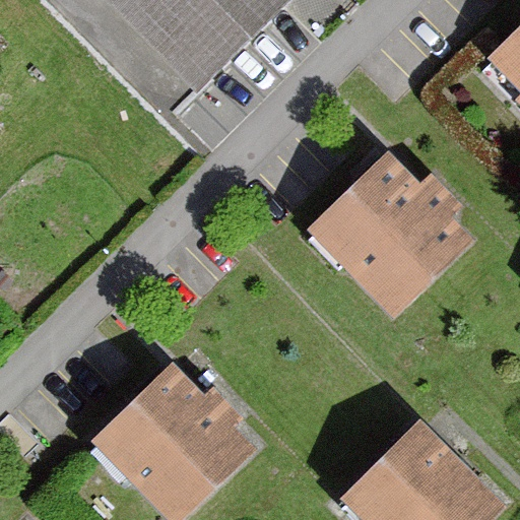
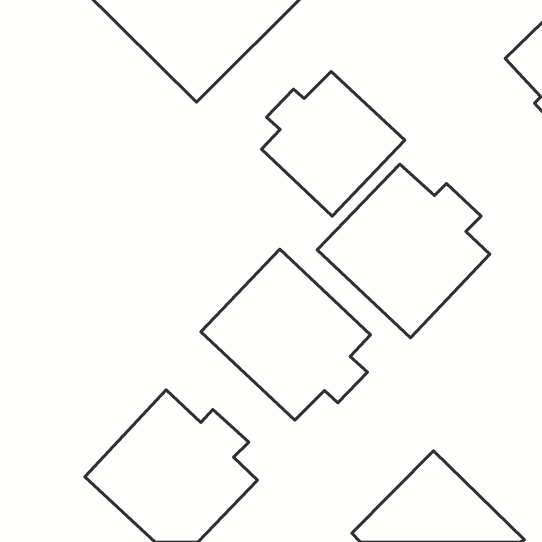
building: none -> [262,71,405,216]
building: none -> [201,249,371,420]

